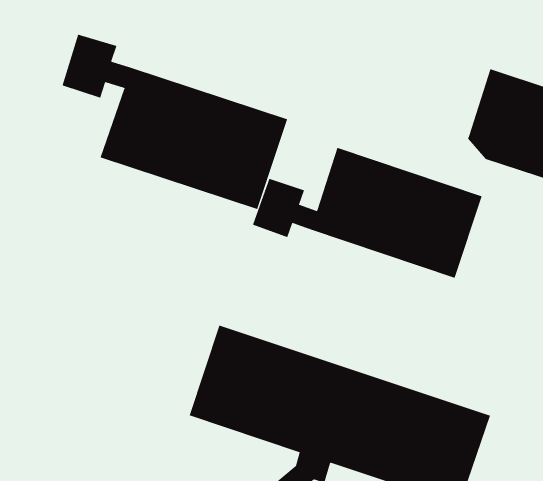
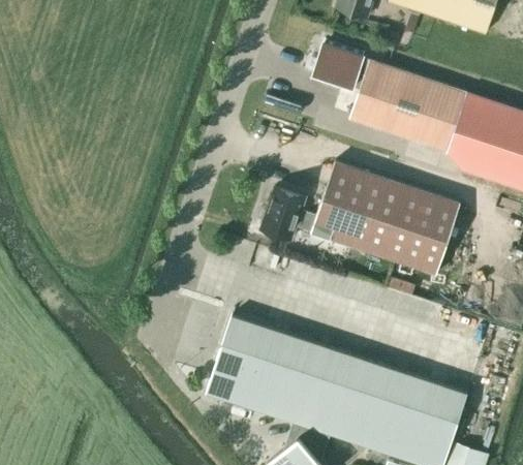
building: none -> [314,41,467,152]
building: [62,34,288,210] -> none

